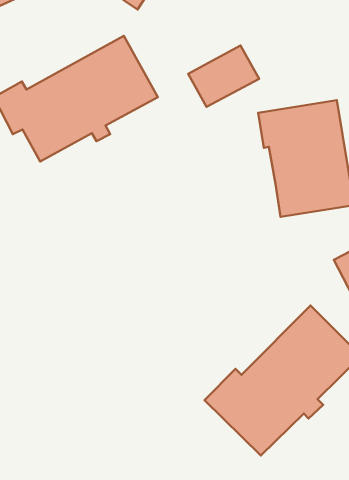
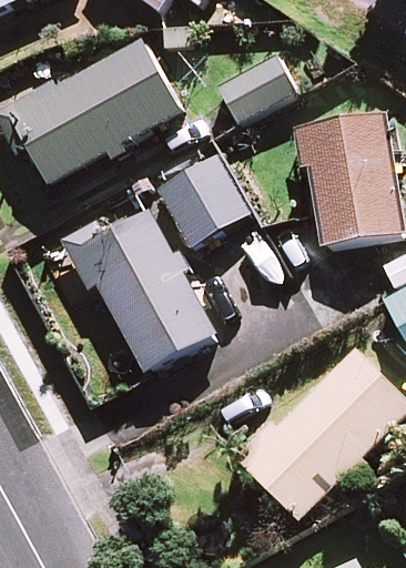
building: none -> [155,152,251,245]
building: none -> [62,212,217,373]

